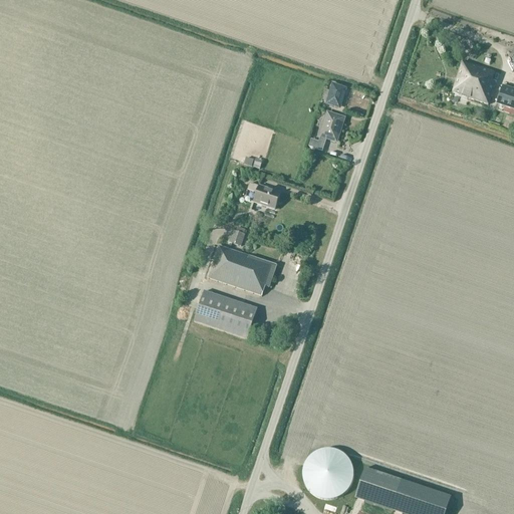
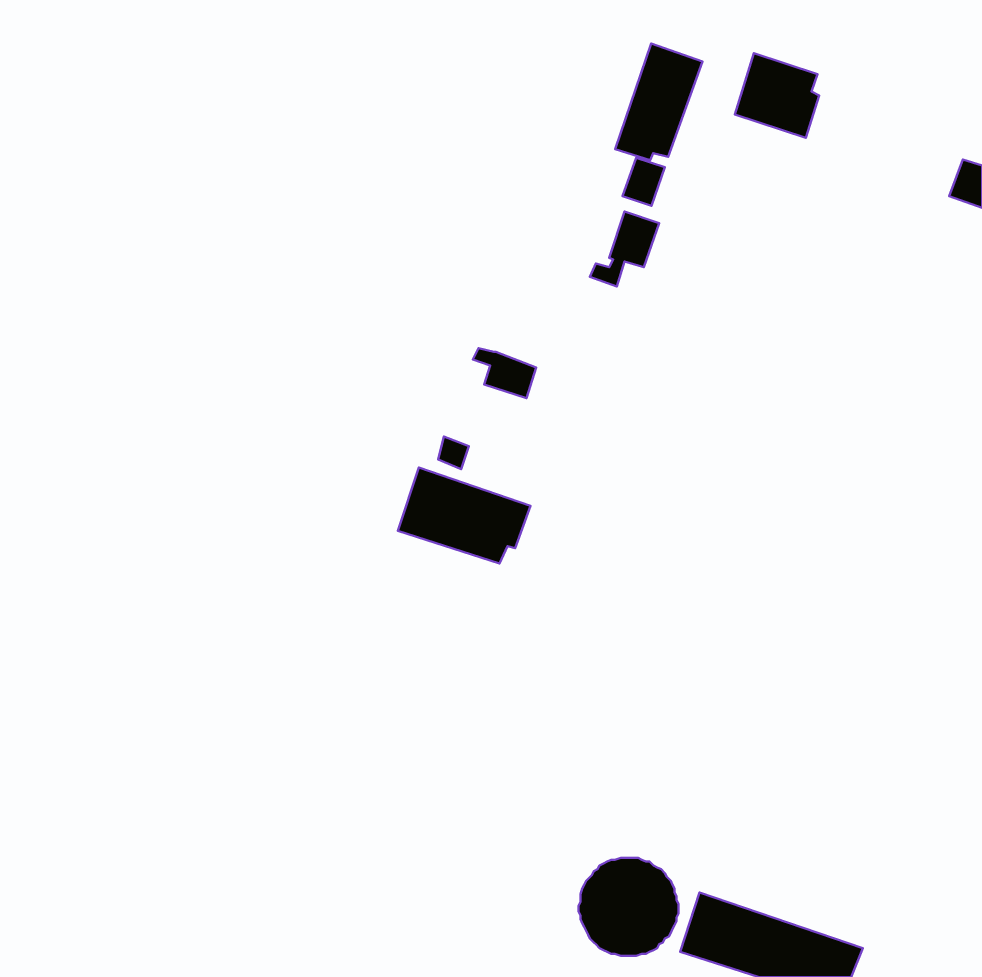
building: none -> [615,44,702,160]
building: [452,59,496,103] -> [735,53,819,138]
building: [194,289,258,338] -> none

